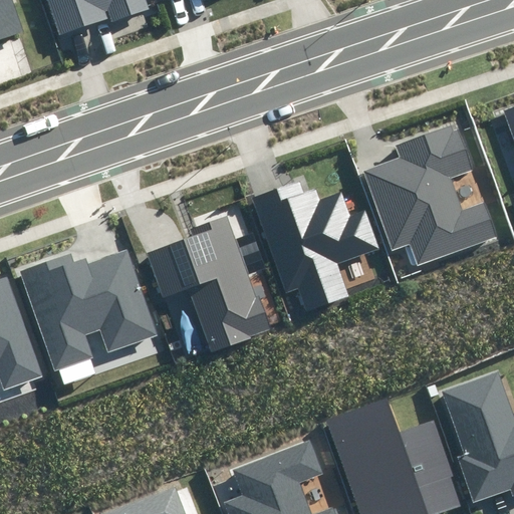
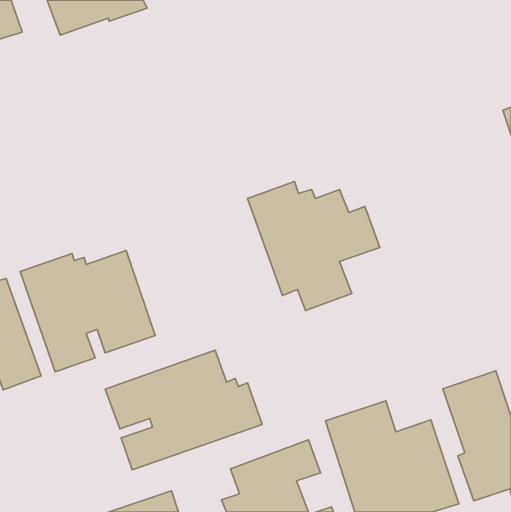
building: [363,124,495,263] -> none
building: [145,216,269,350] -> none
building: none -> [105,350,262,470]

